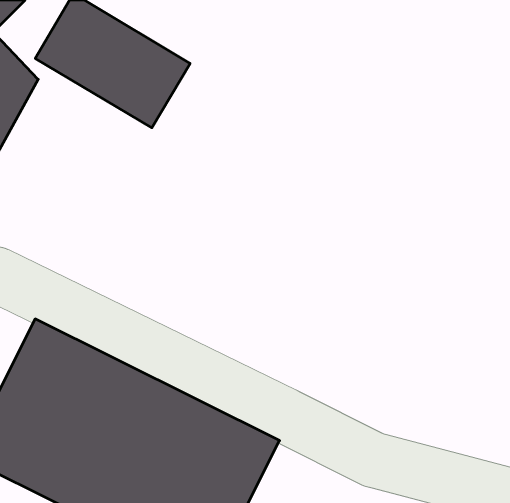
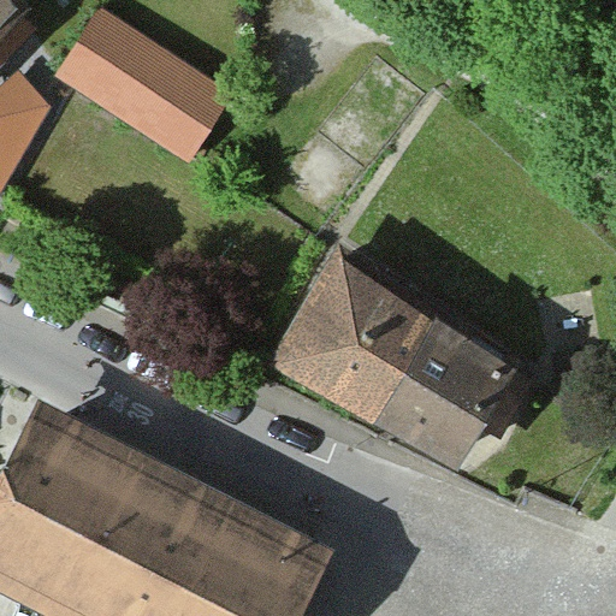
building: none -> [280,262,522,472]

